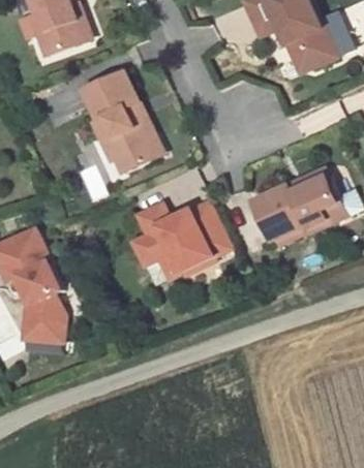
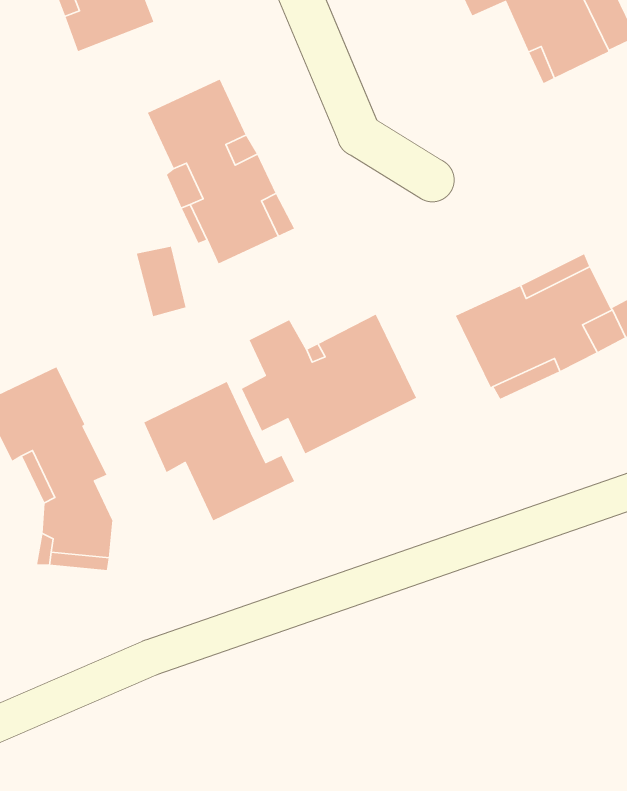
building: none -> [143,381,295,521]

